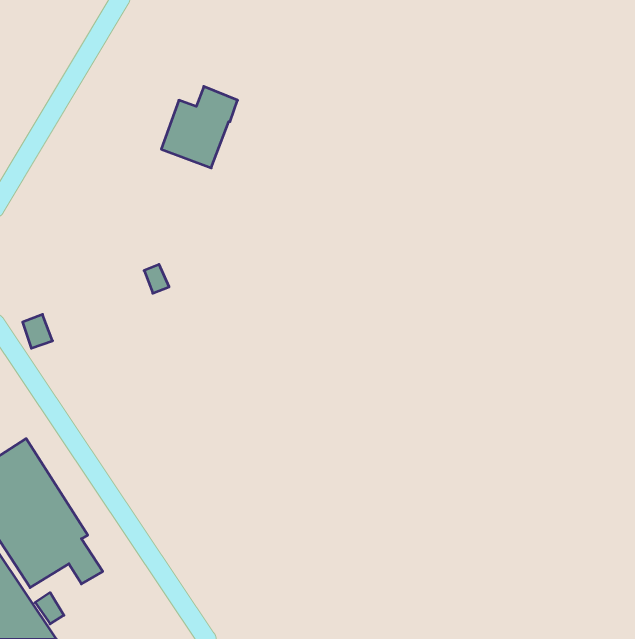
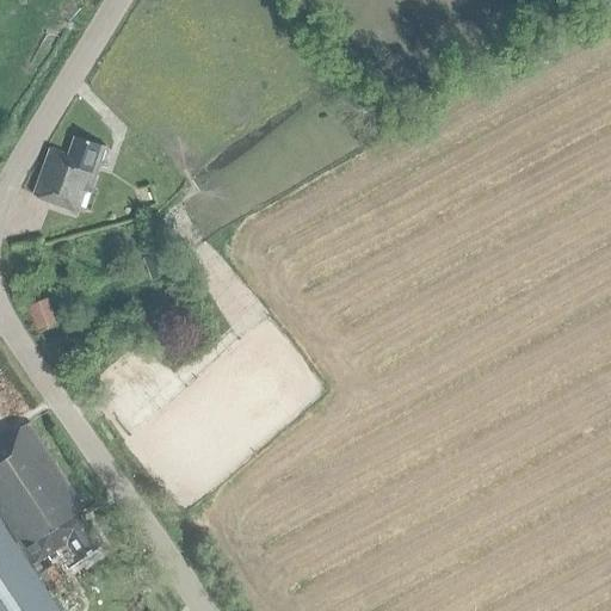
building: [161,86,238,168] -> [27,134,100,211]

